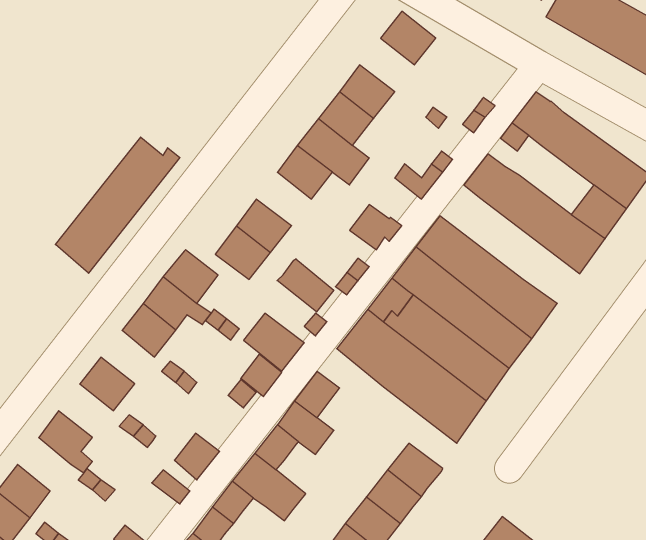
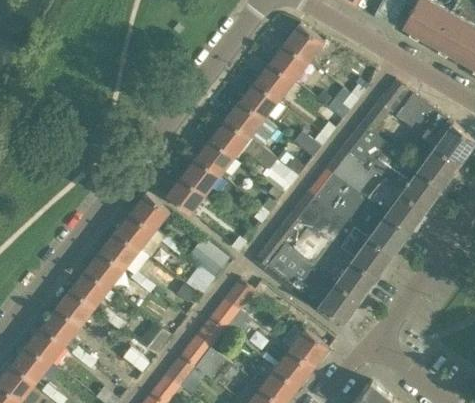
building: none -> [270,42,309,80]
building: [55,137,180,273] -> none
building: none -> [197,137,236,175]
building: none -> [327,146,426,230]
building: [277,259,334,312] -> none
building: none -> [87,249,125,287]
building: none -> [57,287,96,325]
building: none -> [28,325,66,363]

